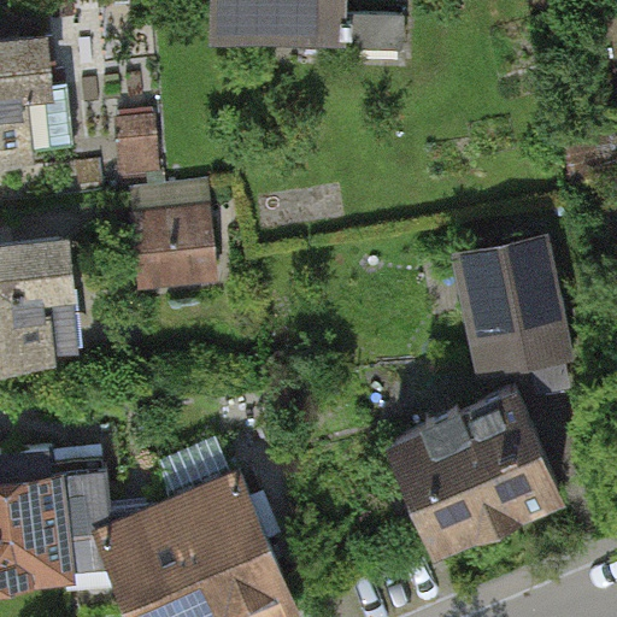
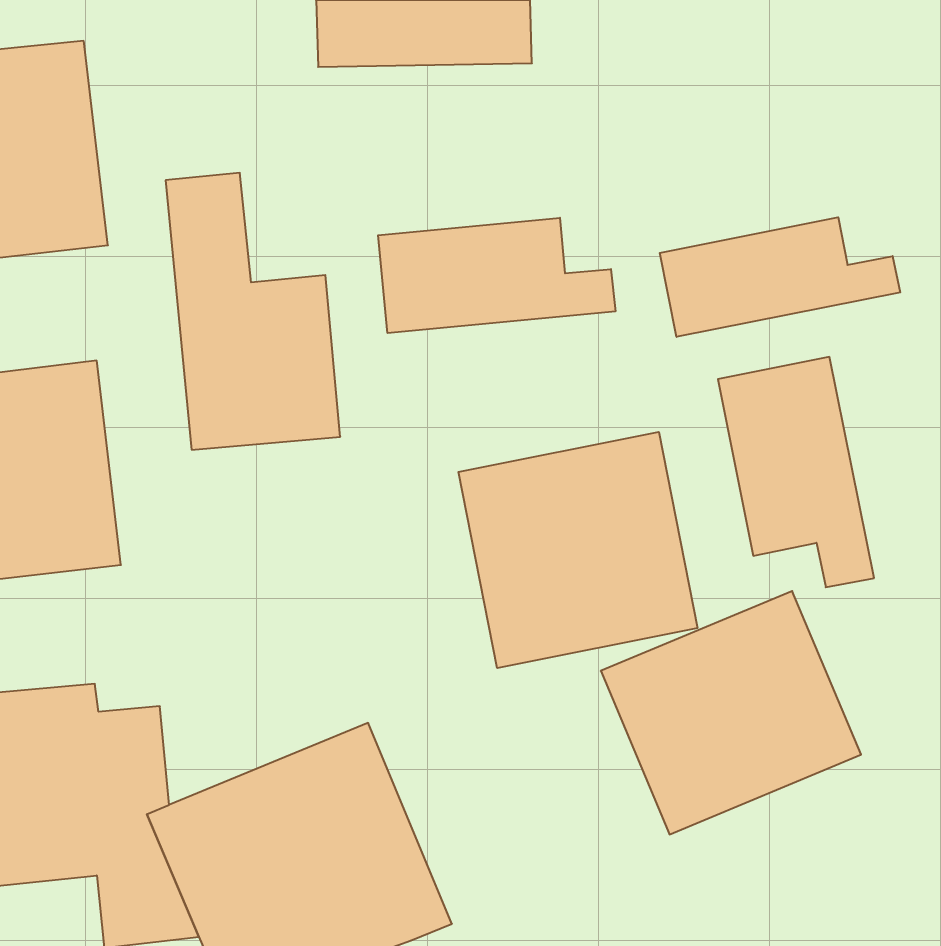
building: none -> [660,217,900,337]
building: none -> [378,218,615,333]
building: none -> [458,432,697,668]

